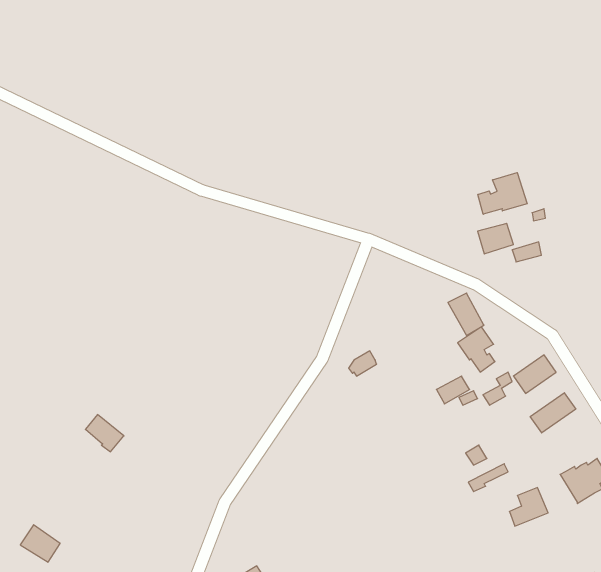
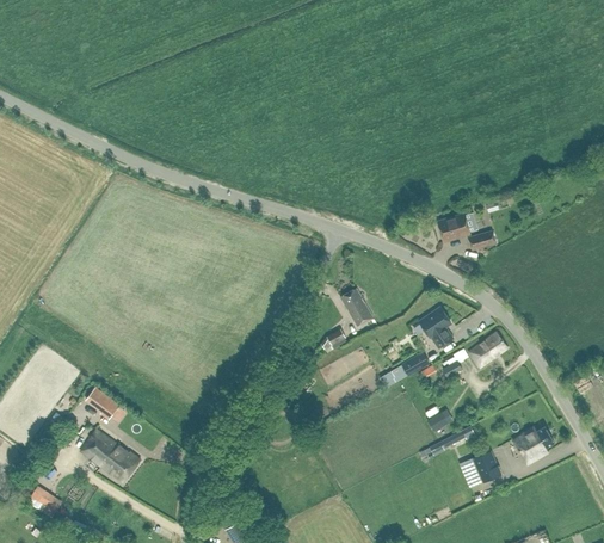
building: [478,173,527,214] -> none
building: [448,293,484,336] -> [340,288,372,326]
building: [530,393,576,433] -> none
building: none -> [80,427,141,482]

